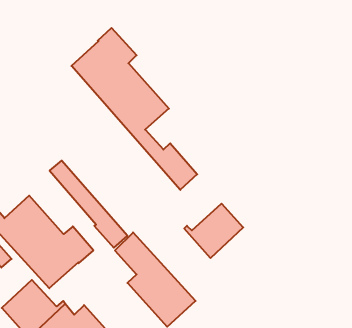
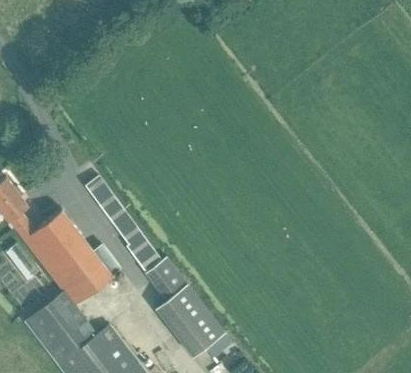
building: [71,28,197,190] -> none
building: [184,204,243,258] -> none

